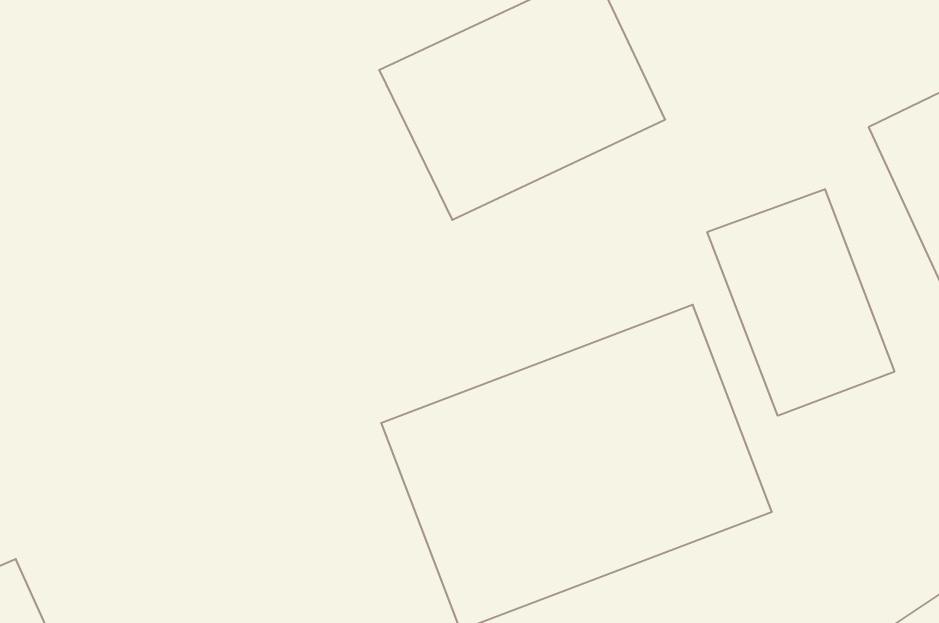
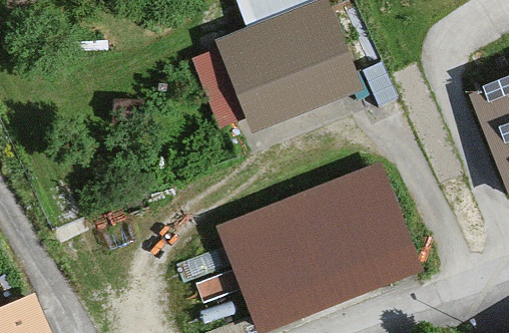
building: [707,189,894,416] -> none

